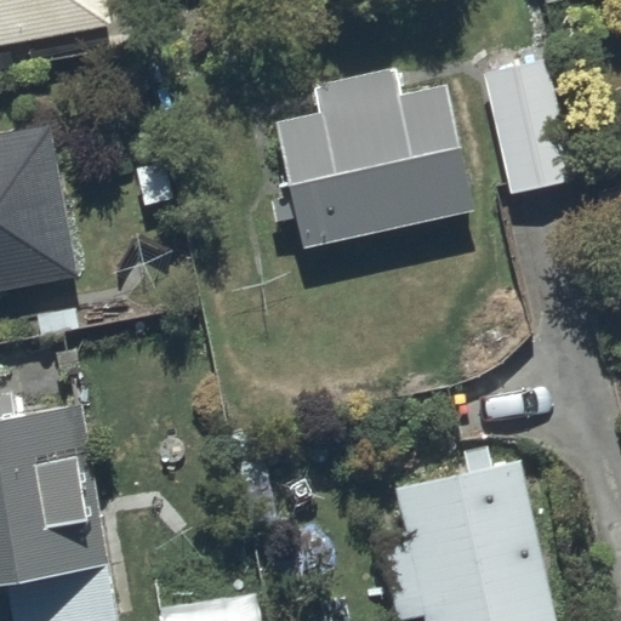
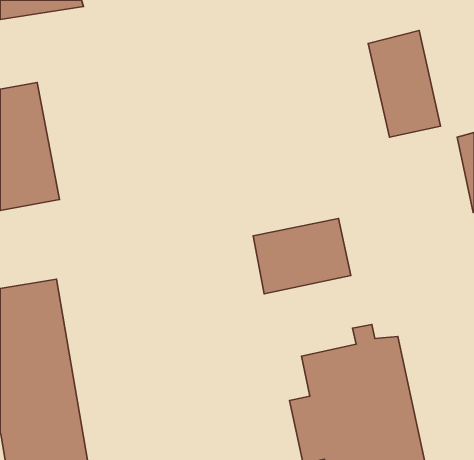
building: [270,68,477,247] -> none
building: none -> [253,219,351,294]

